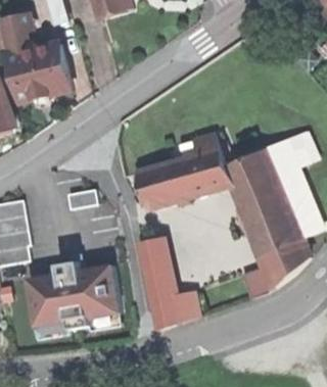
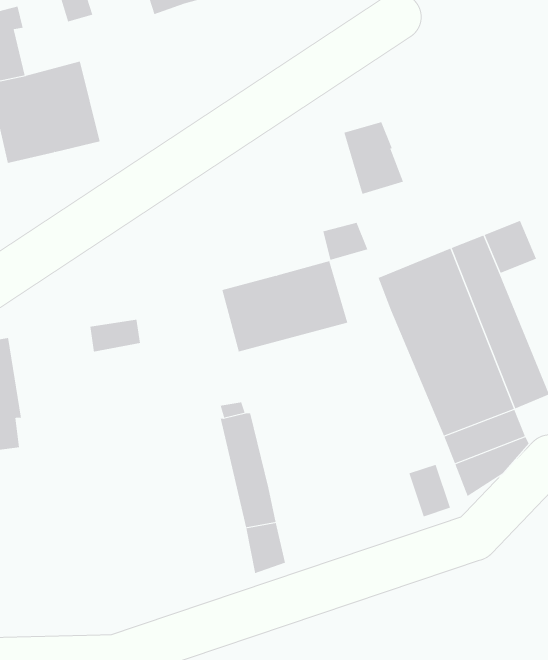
building: [197,150,231,191] -> [343,121,404,195]
building: [22,260,115,327] -> none
building: [164,278,195,325] -> none

